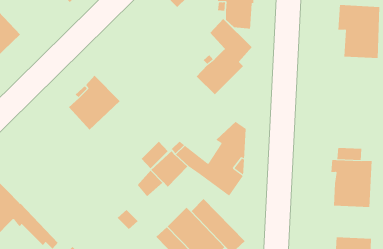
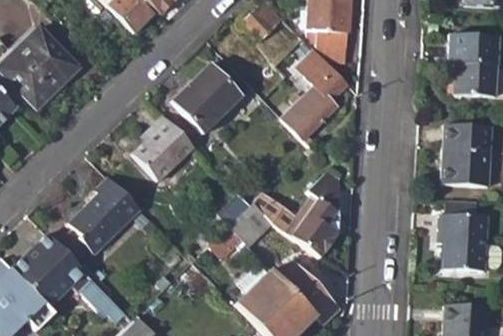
building: none -> [172,63,241,133]
building: none -> [443,124,490,185]
building: none -> [69,177,140,253]

